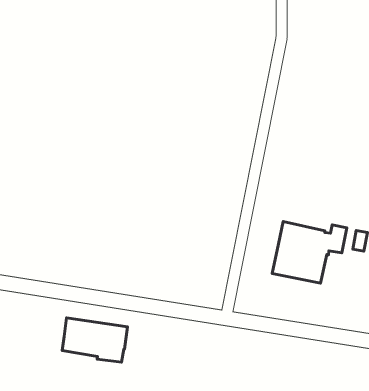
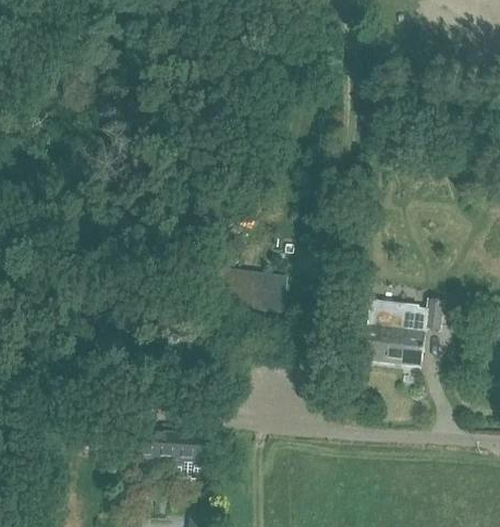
building: none -> [209,268,286,310]

